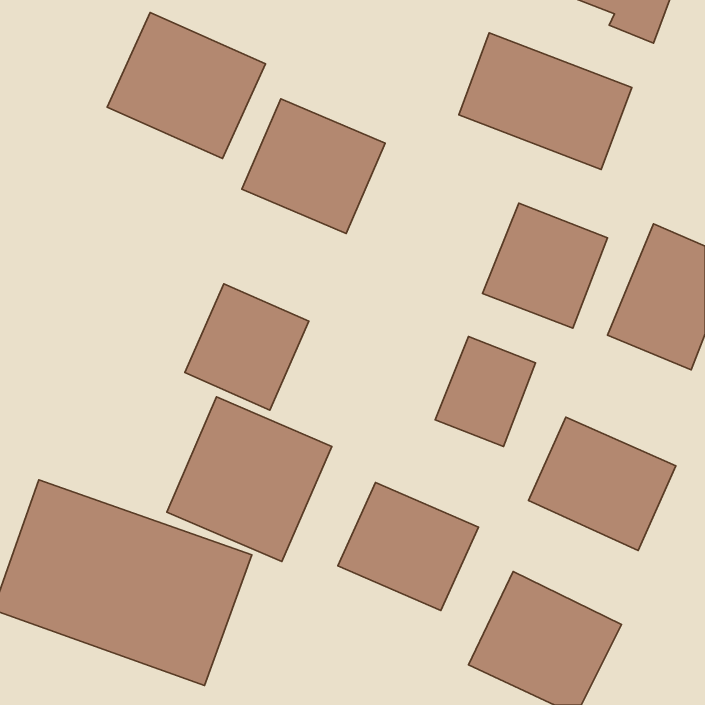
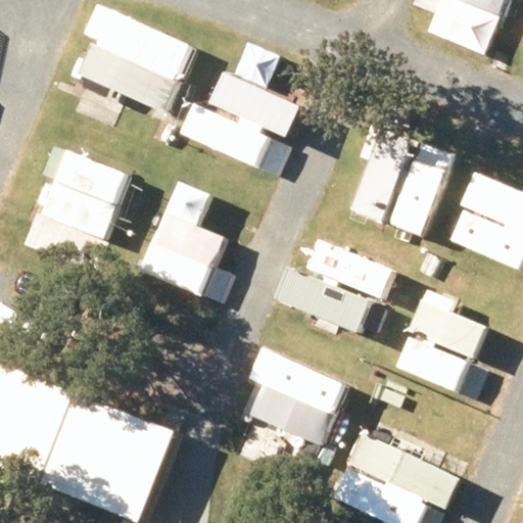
building: [459,33,632,170] -> none
building: none -> [19,143,129,241]
building: [167,397,332,562] -> none

